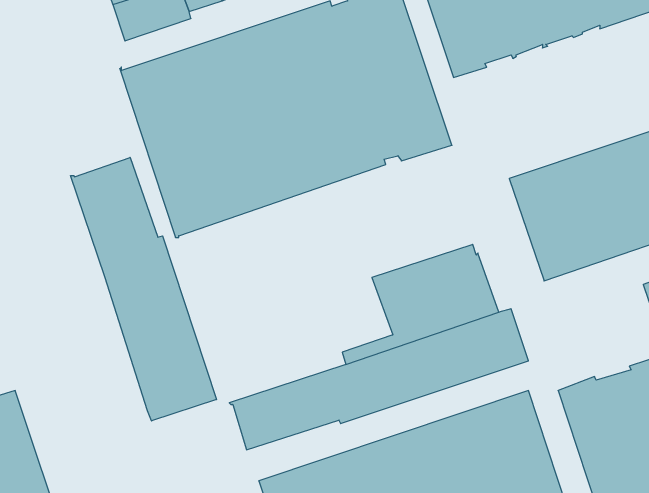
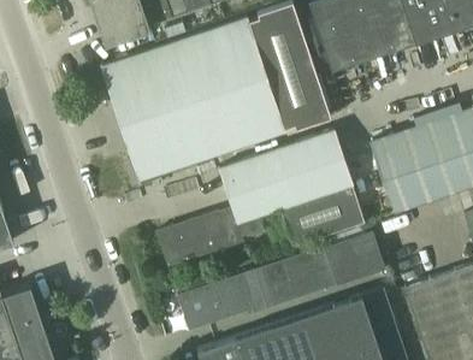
building: [71,157,216,421] -> none
building: none -> [156,130,351,264]

